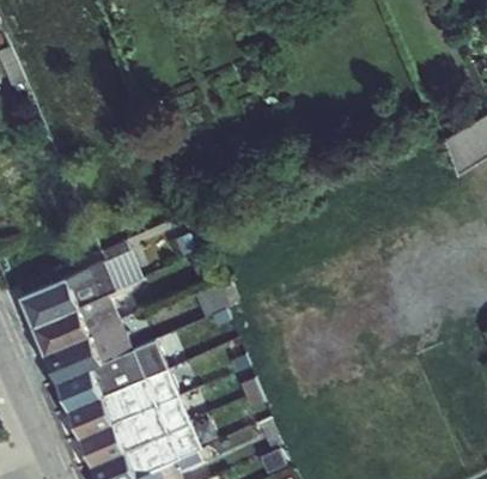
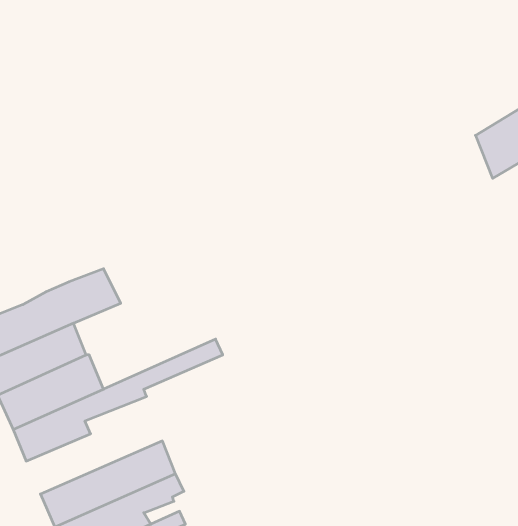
building: [65,339,239,439] -> none

